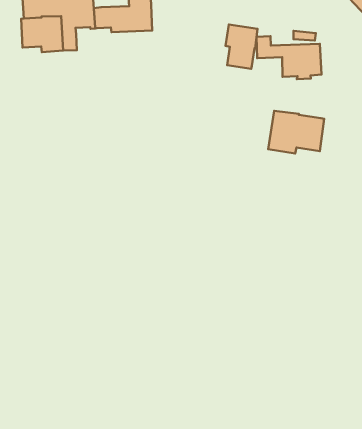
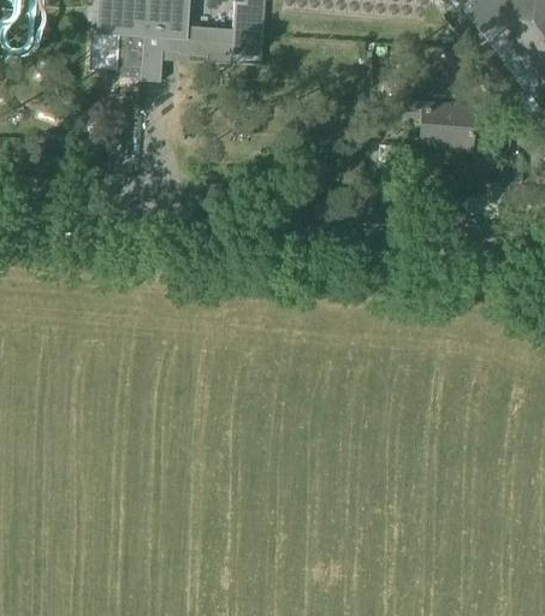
building: [225,24,258,69] -> none
building: [268,111,324,153] -> none

